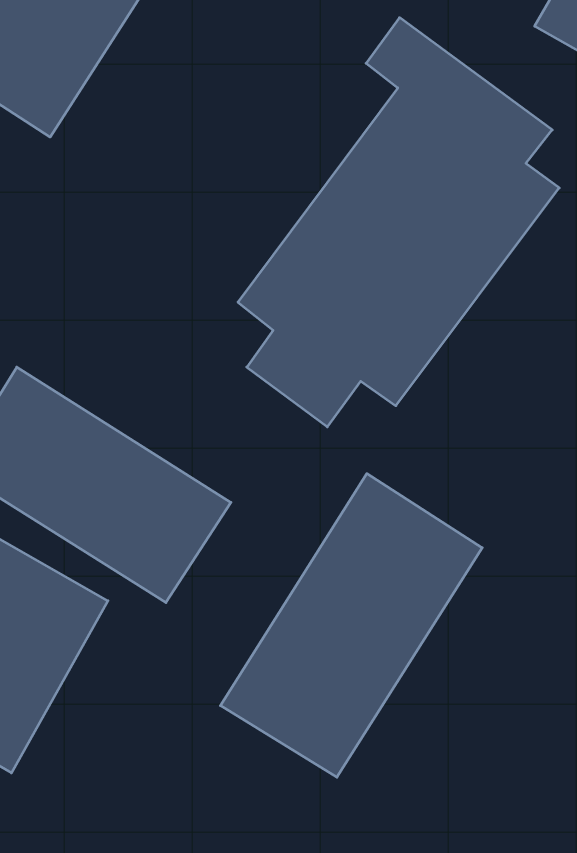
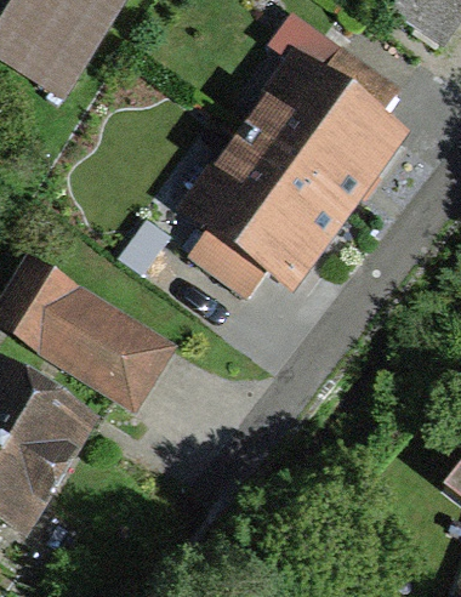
building: [220,474,482,777] -> none

